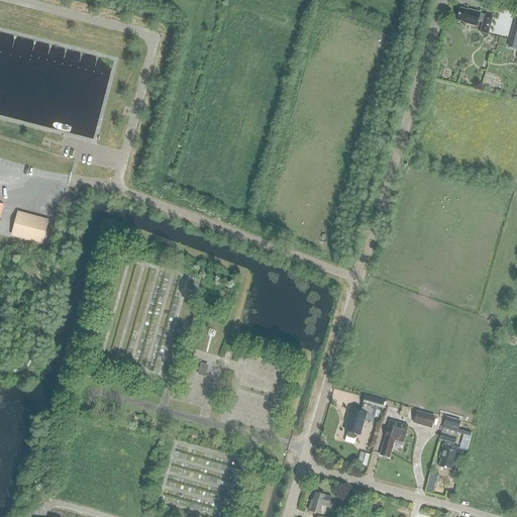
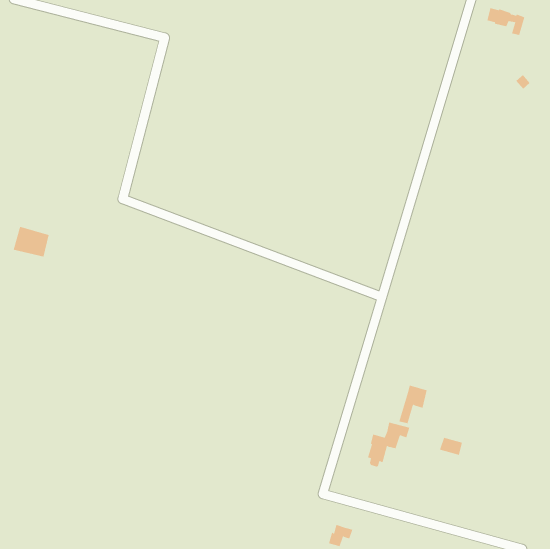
building: [380,420,407,456] -> [399,385,428,424]
building: [438,424,459,470] -> none

